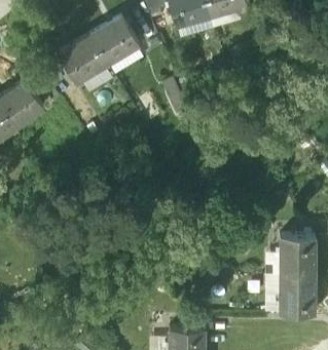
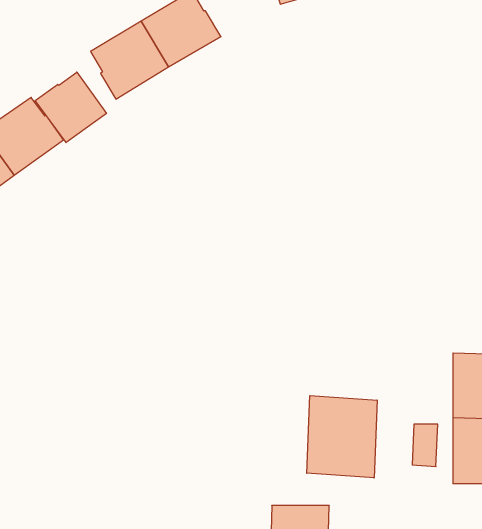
building: none -> [35,72,106,143]
building: none -> [307,396,377,478]

